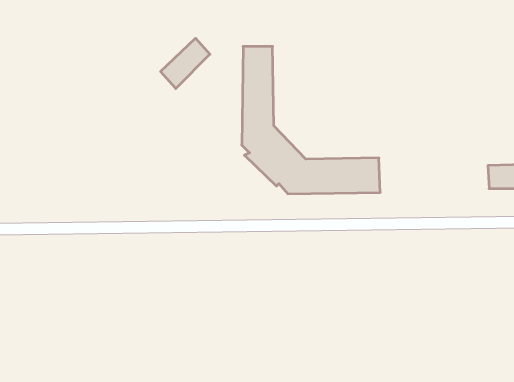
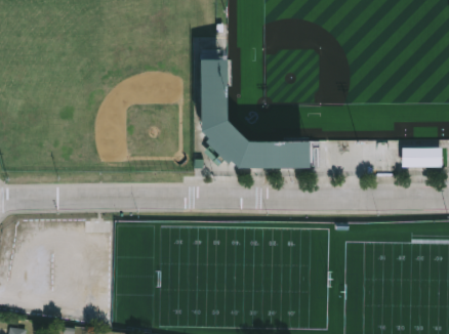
building: [161,38,210,89] -> none

